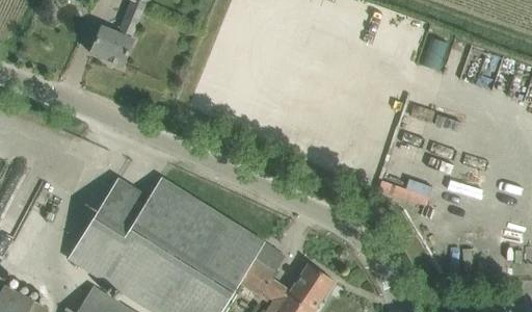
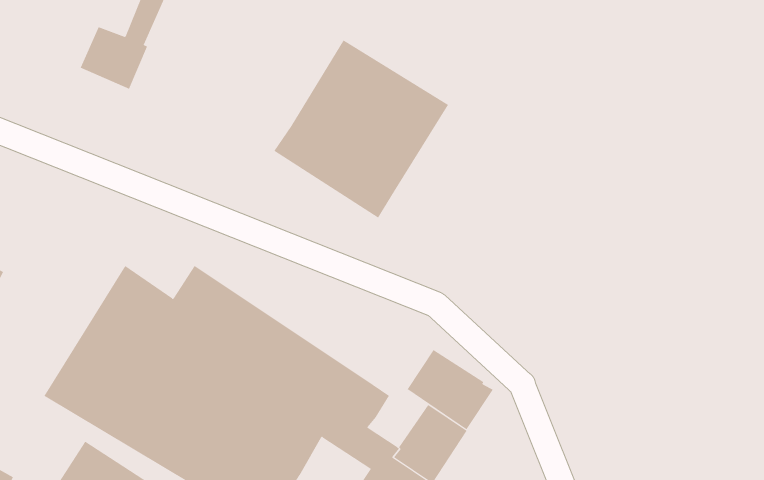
building: none -> [274,39,449,218]
building: none -> [407,349,494,430]

